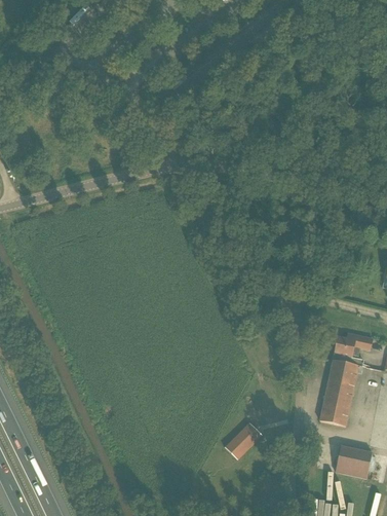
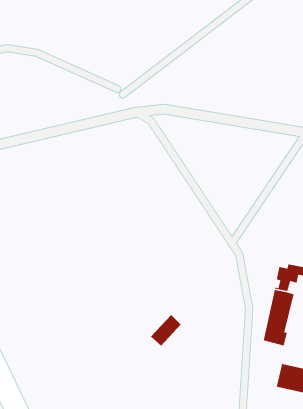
building: [226,422,261,458] -> [150,314,181,347]

